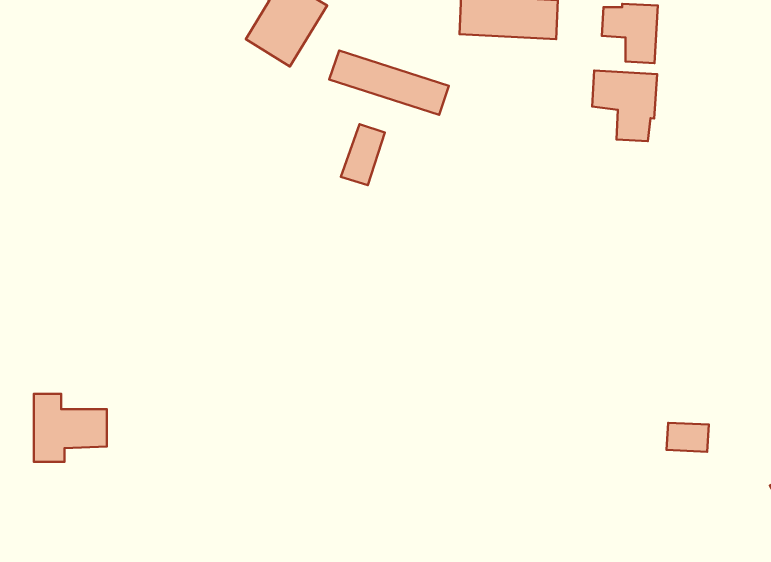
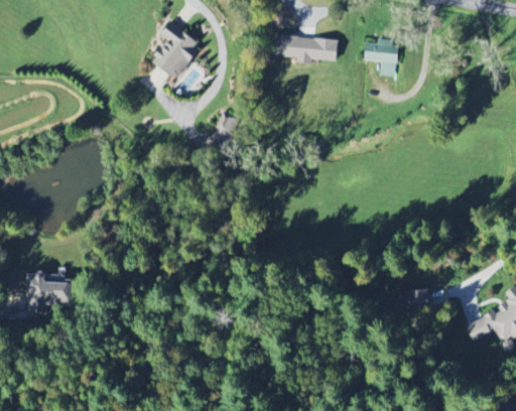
building: [329,51,449,115] -> none
building: [592,71,657,141] -> none

